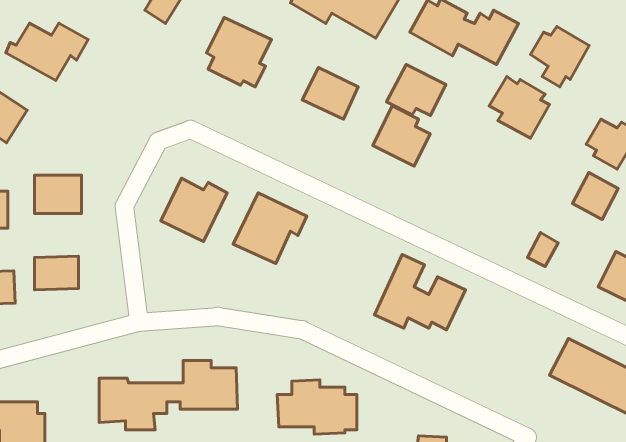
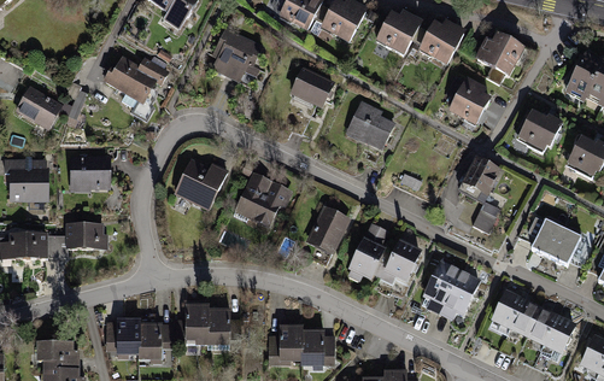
building: [6,23,88,81] -> [101,57,169,104]
building: [387,65,446,115] -> none
building: [573,172,618,220] -> [463,157,500,195]
building: none -> [305,205,350,253]
building: none -> [423,259,481,320]

